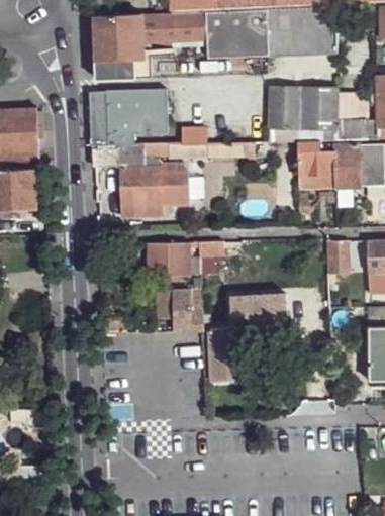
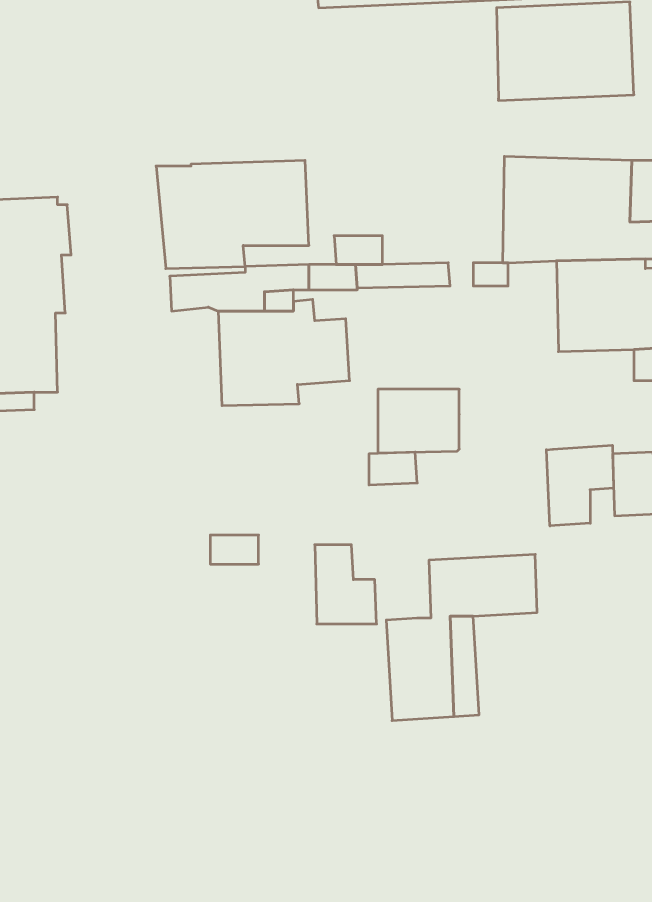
building: [93,8,266,79] -> none
building: none -> [546,445,613,526]
building: [147,242,189,276] -> [378,389,459,453]

